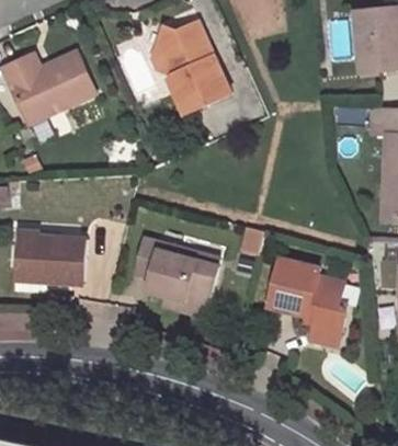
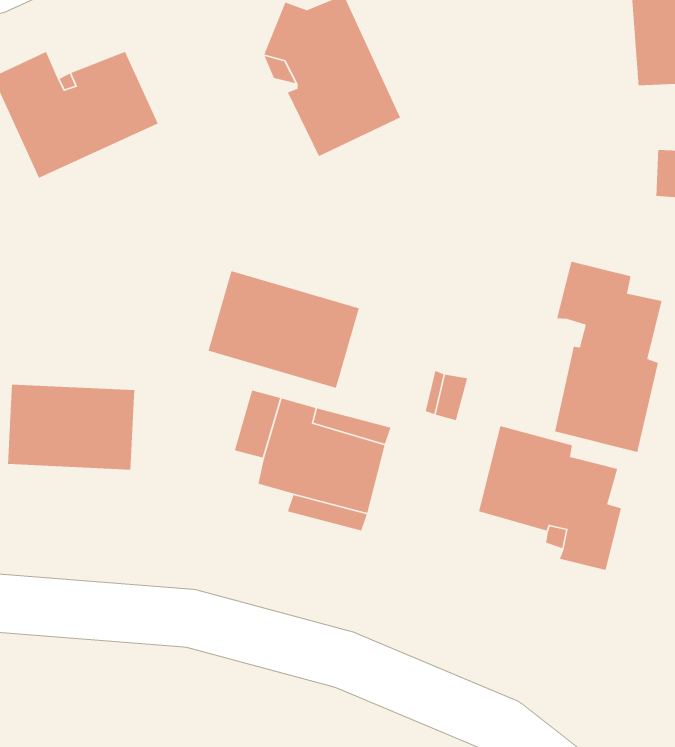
building: none -> [554,261,663,453]
building: none -> [207,270,360,389]

